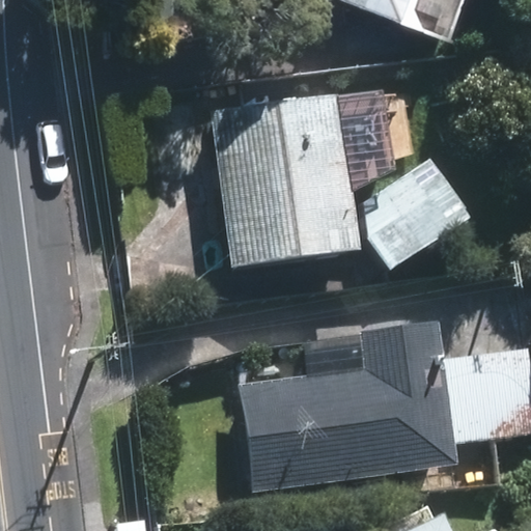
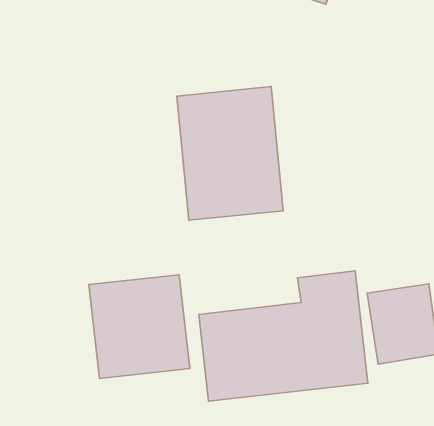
building: [368,157,469,264] -> none
building: none -> [89,275,190,379]

